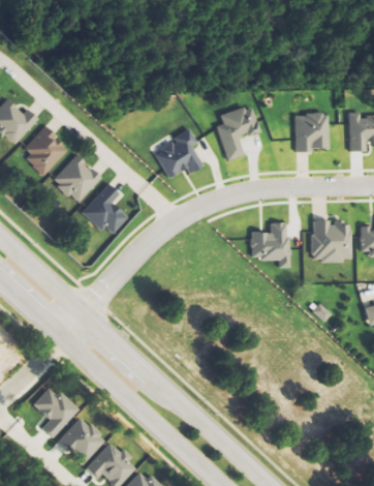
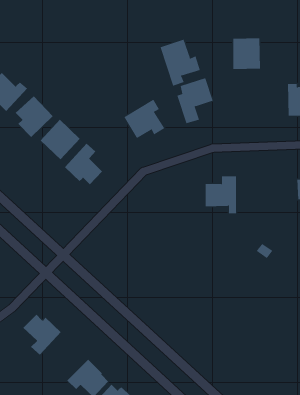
building: none -> [160,39,201,86]
building: [293,113,328,151] -> [232,38,261,70]
building: [310,220,351,262] -> none
building: [57,417,104,464] -> none

